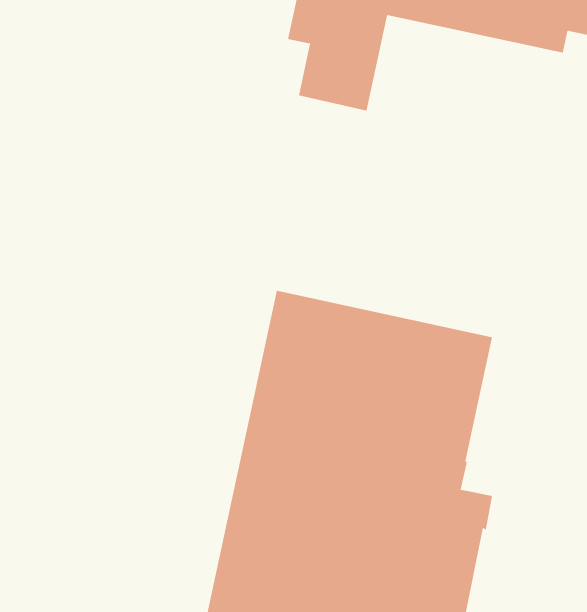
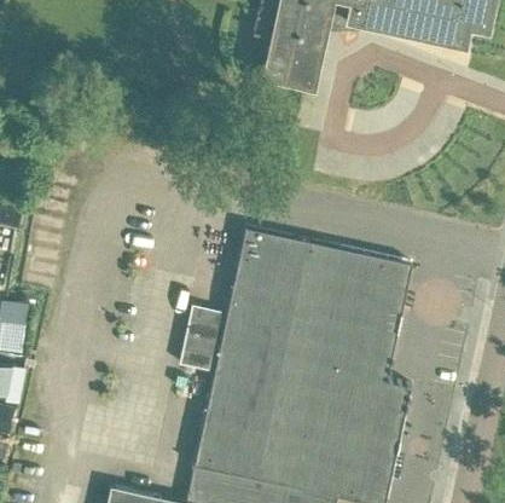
building: none -> [180,307,222,372]

